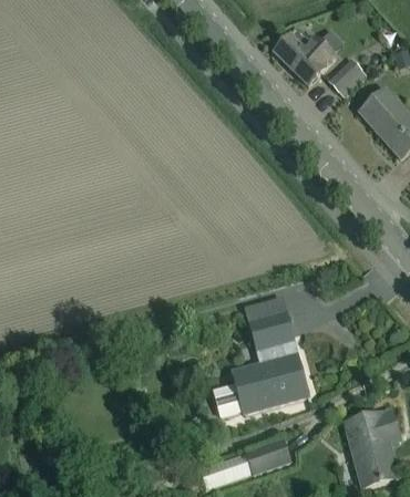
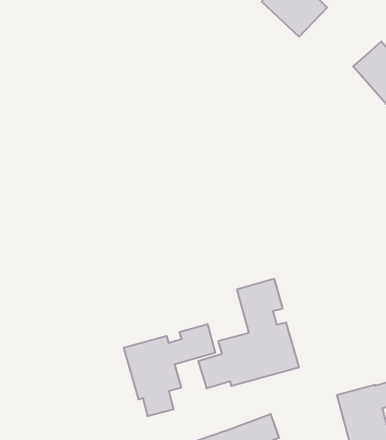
building: [329,58,366,94] -> none
building: none -> [124,324,215,416]

